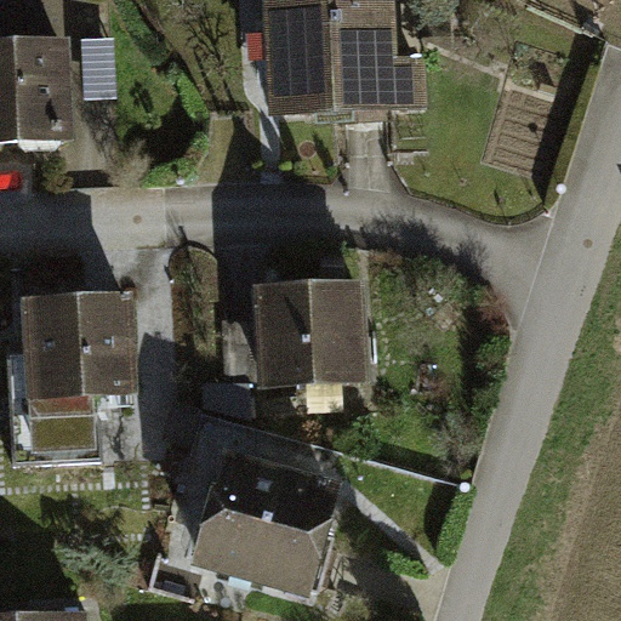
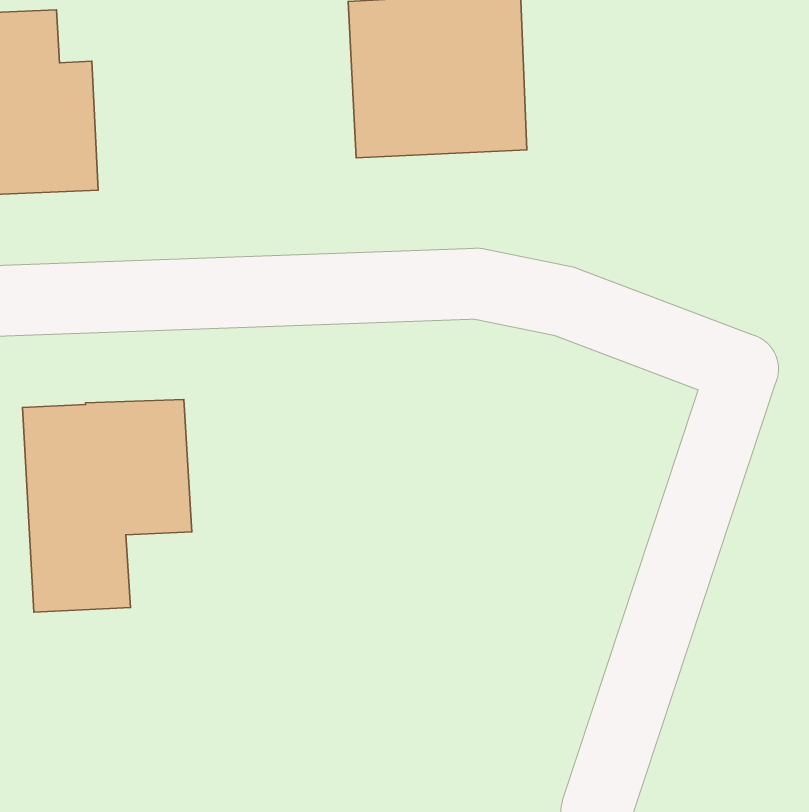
building: [247,278,368,387] -> none
building: [199,457,343,589] -> none

